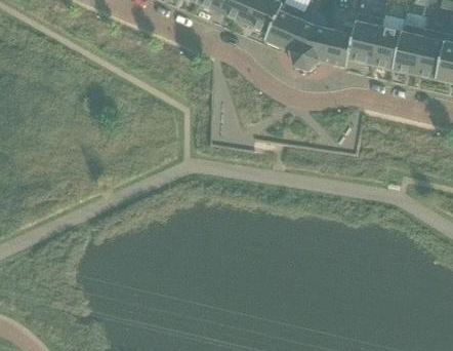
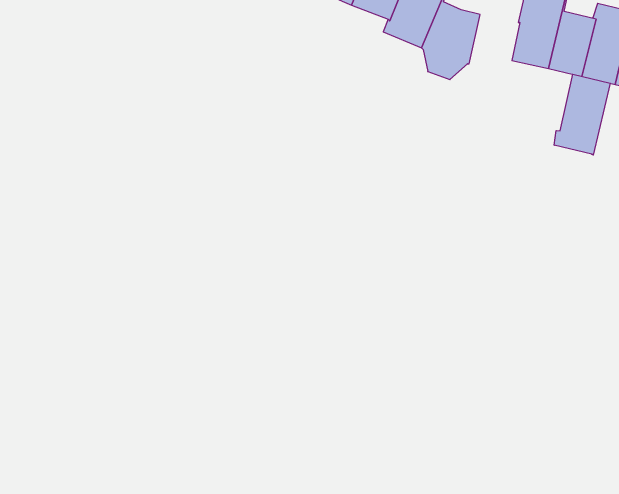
building: [320,30,353,68] -> none
building: none -> [554,74,610,155]

